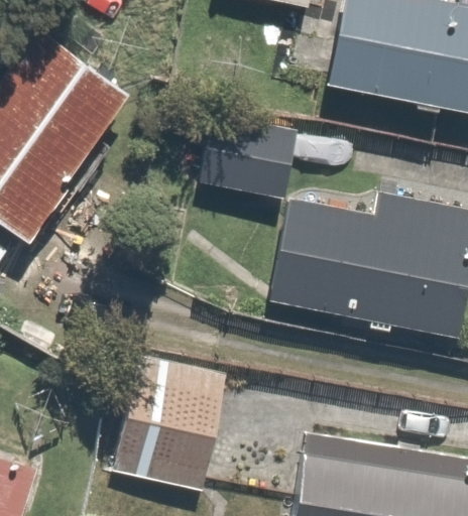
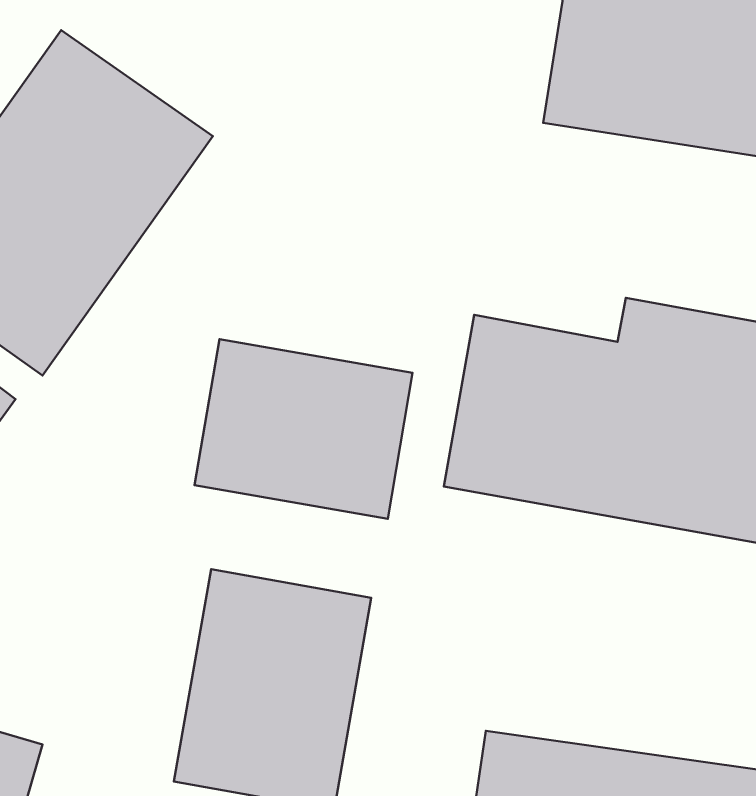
building: [202,115,296,201] -> none
building: none -> [195,339,413,519]

